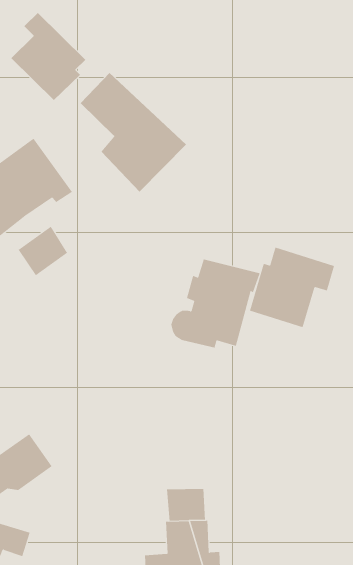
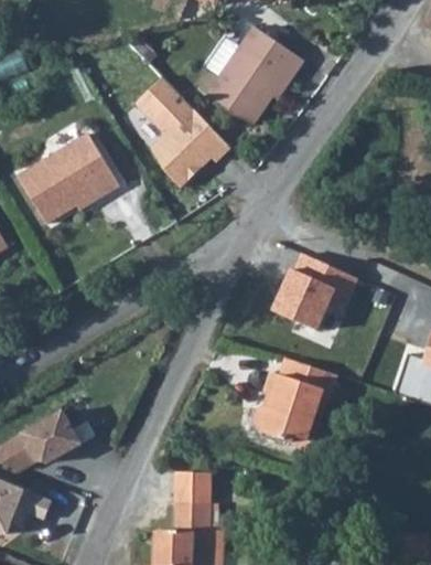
building: none -> [204,26,302,126]
building: [10,12,86,101] -> none
building: [18,226,68,276] -> none
building: [170,259,260,348] -> [256,354,343,438]

